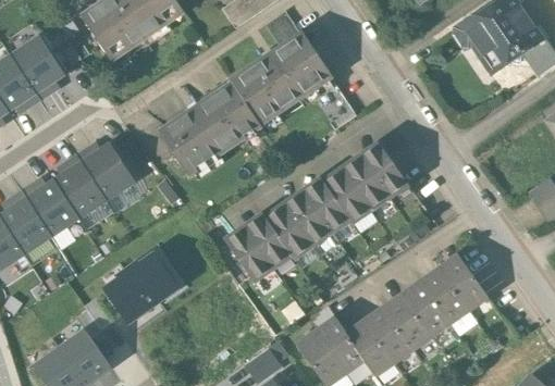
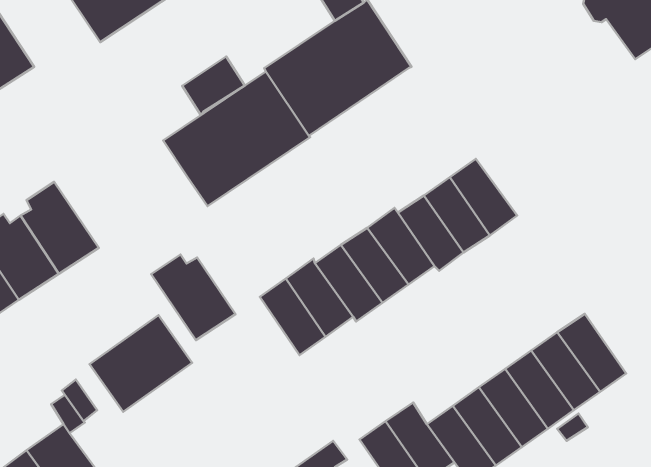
building: none -> [182,56,245,115]
building: [310,78,356,128] -> none
building: [79,145,139,206] -> [151,254,236,340]

